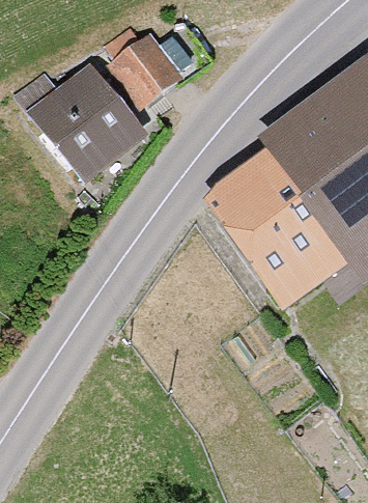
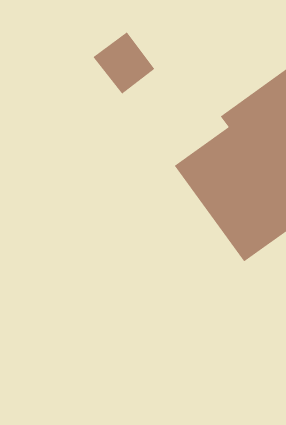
building: [17,66,148,186] -> none

